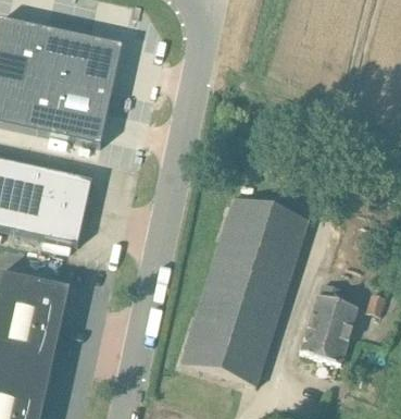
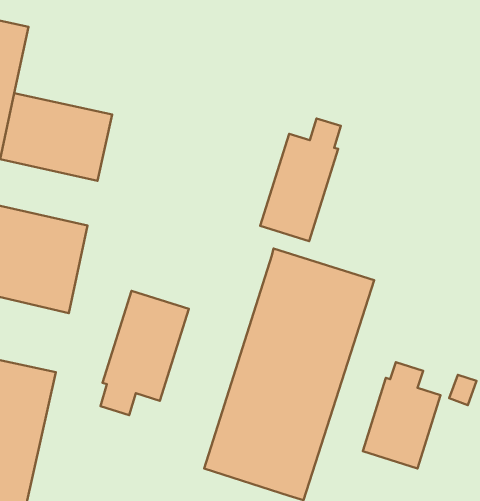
building: [36,28,121,95] -> none
building: none -> [260,118,341,241]
building: none -> [100,291,189,415]

